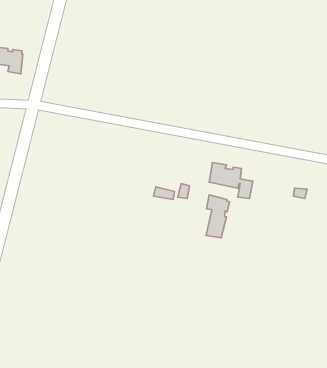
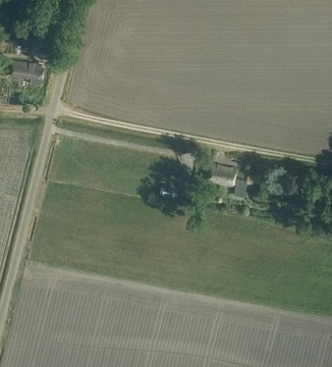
building: [206,195,229,238] -> none

